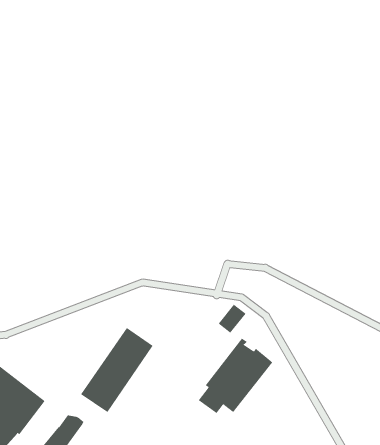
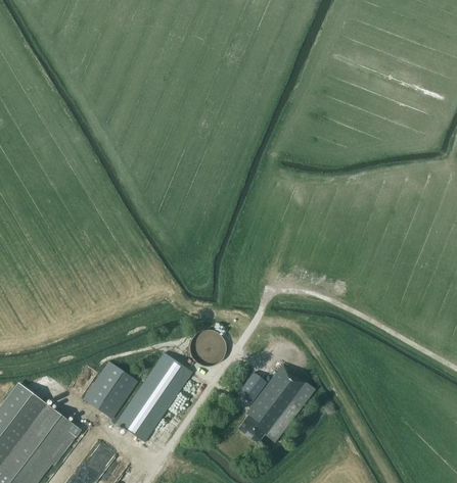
building: [218,304,246,333] -> [237,373,267,403]
building: none -> [195,333,224,364]
building: none -> [83,355,147,419]

